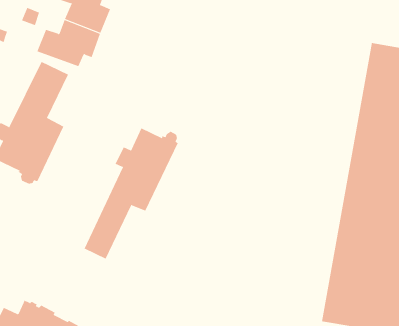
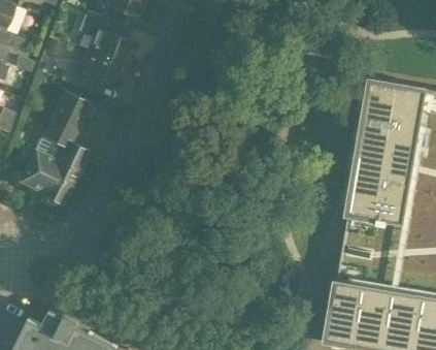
building: [84,128,178,259] -> none

